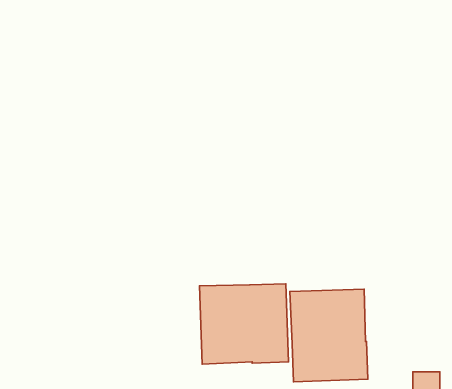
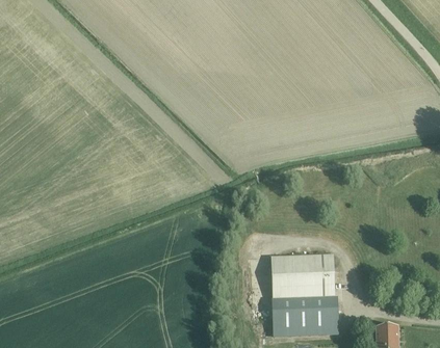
building: [199,284,288,364] -> none

